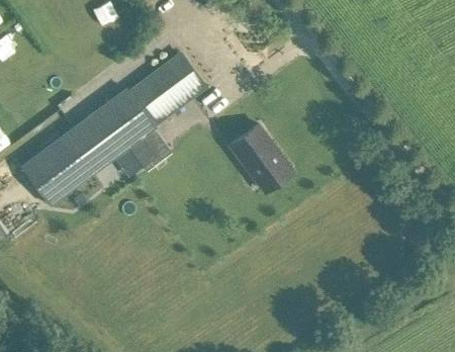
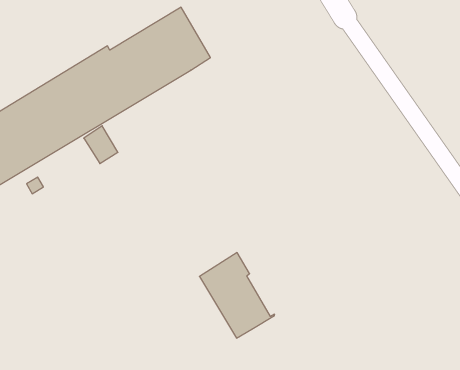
building: [232,124,292,190] -> [199,253,275,338]
building: [128,128,171,169] -> none

